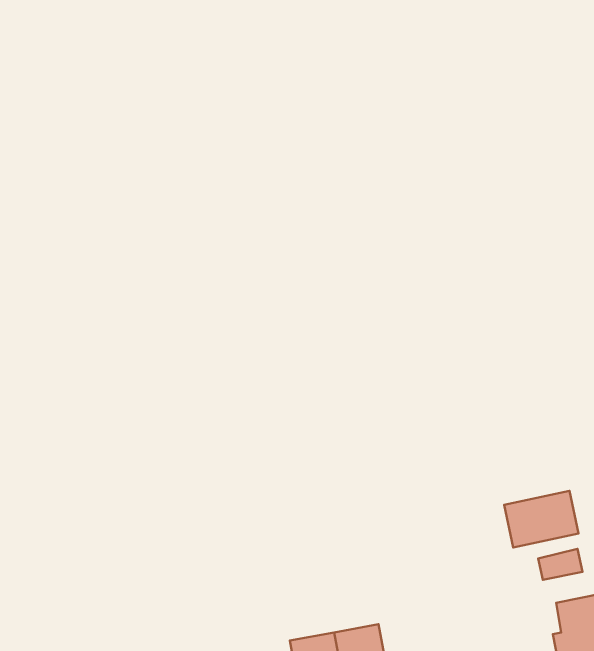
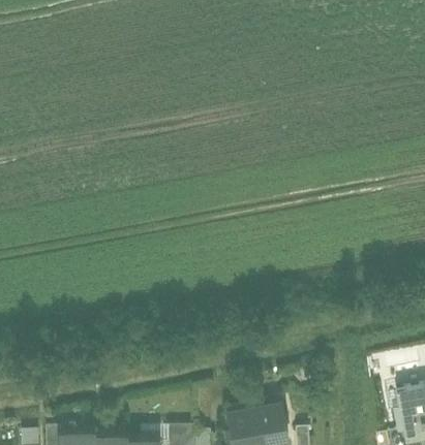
building: [504,491,579,548] -> none

